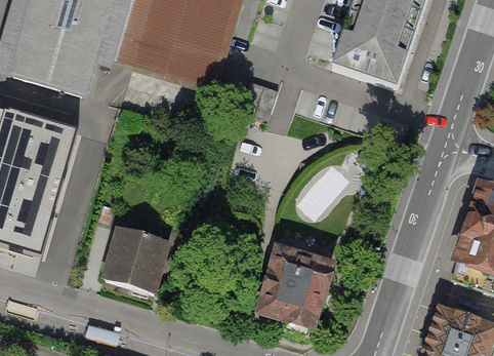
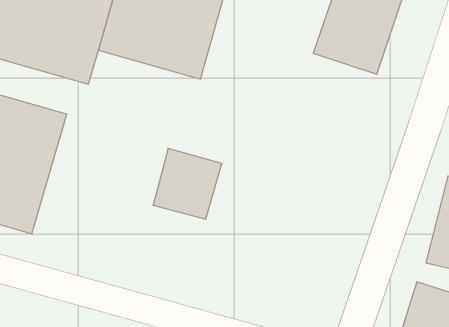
building: [101,225,172,298] -> [153,148,222,219]
building: [255,247,335,337] -> none

